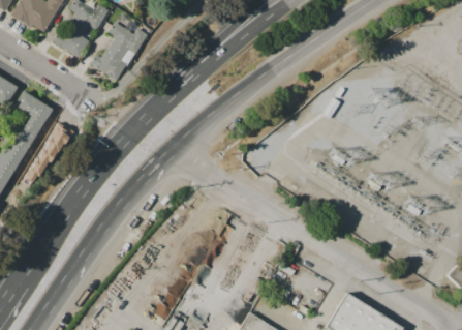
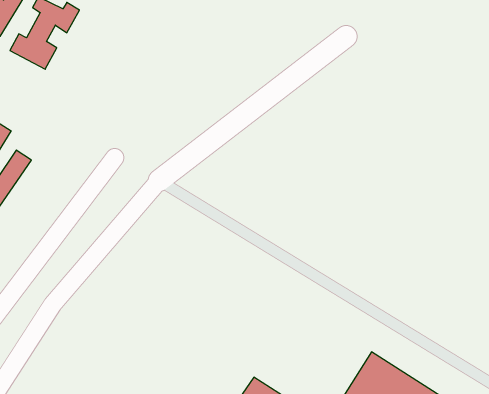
building: [90,22,148,81] -> none

